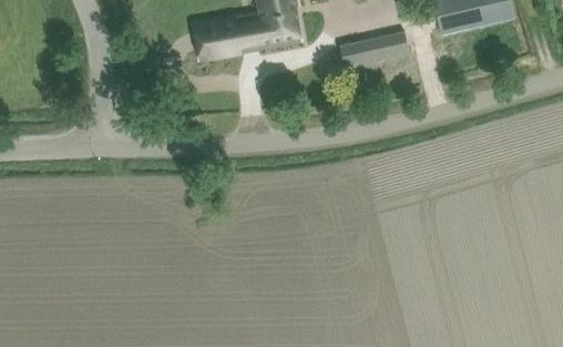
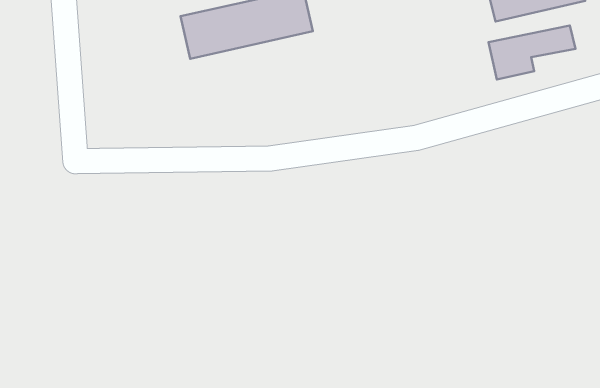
building: [341,31,411,74] -> [488,25,575,79]

